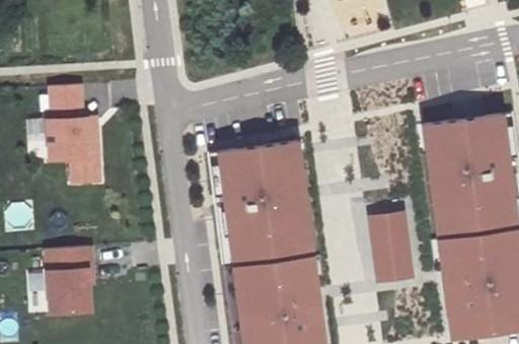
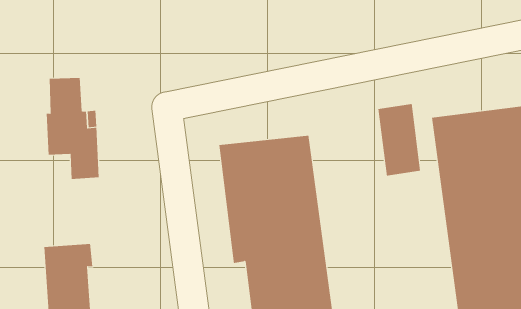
building: [364,214,405,284] -> [378,103,421,176]

